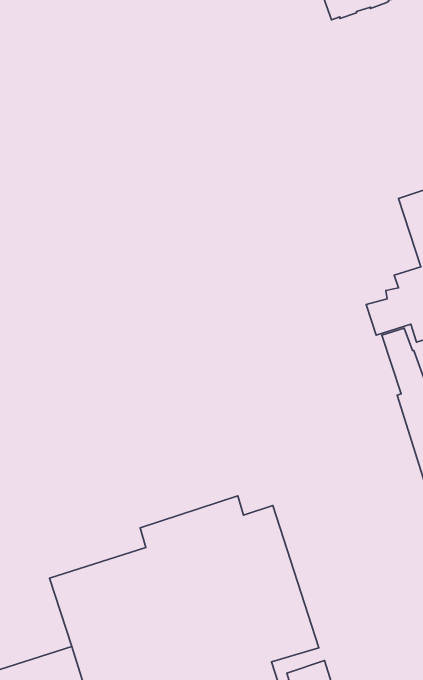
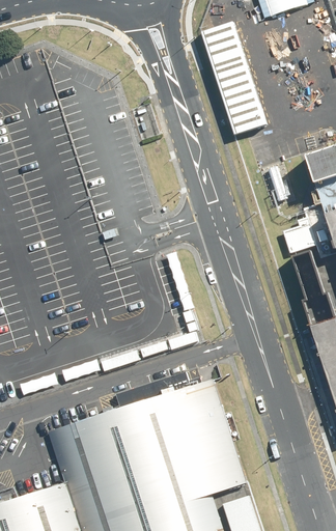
building: none -> [200,23,271,138]

